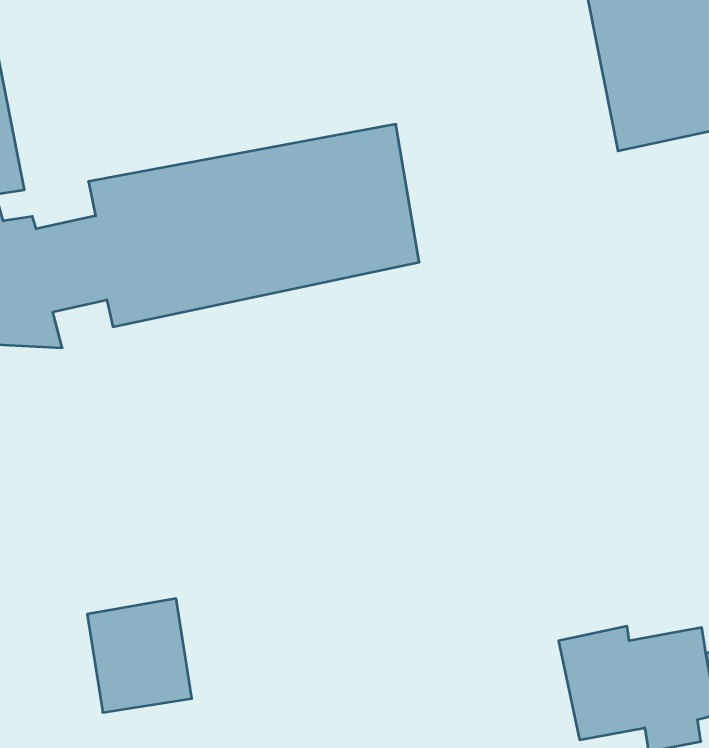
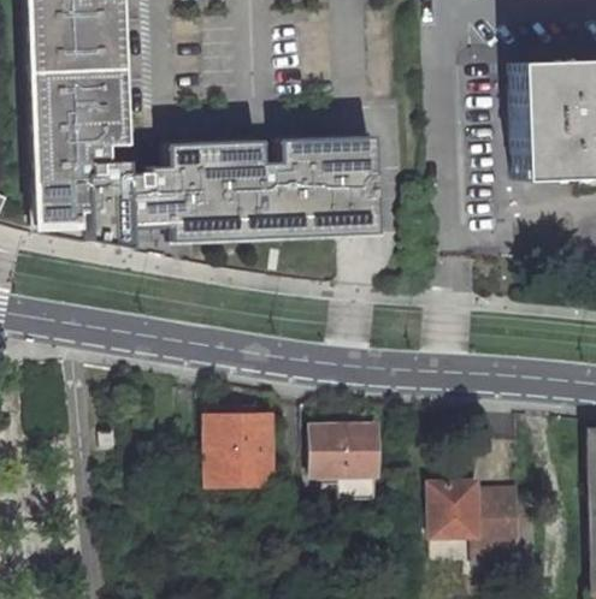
building: none -> [314,428,376,478]
building: [87,599,192,712] -> [211,416,270,482]

